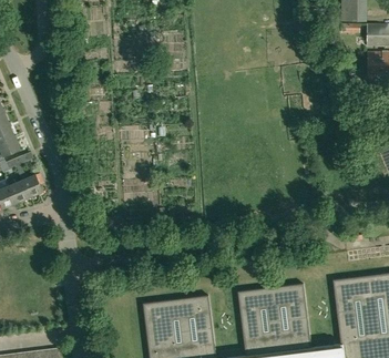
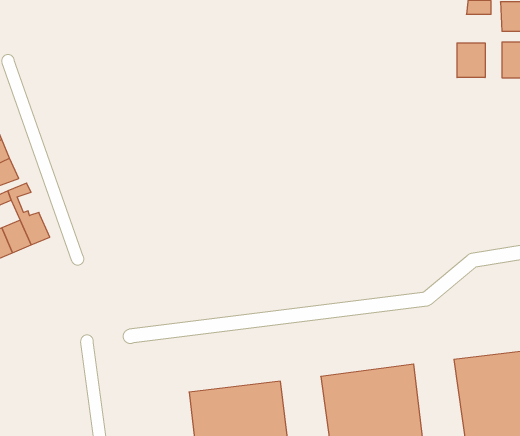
building: none -> [457,43,485,78]

